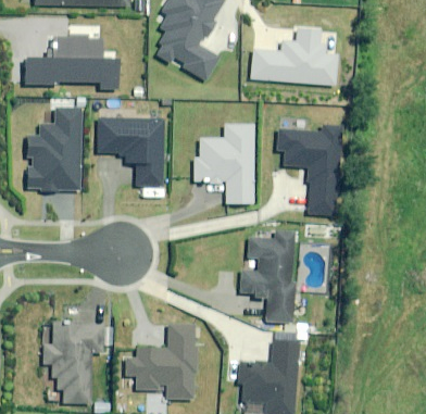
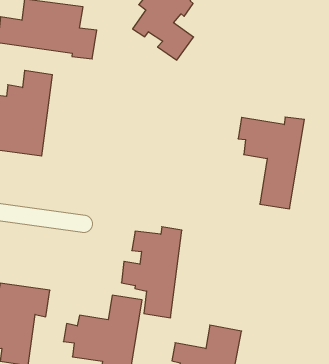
building: [252,27,337,84] -> none
building: [96,118,164,187] -> none
building: [193,124,254,202] -> none
building: [240,231,295,322] -> [121,227,182,318]

